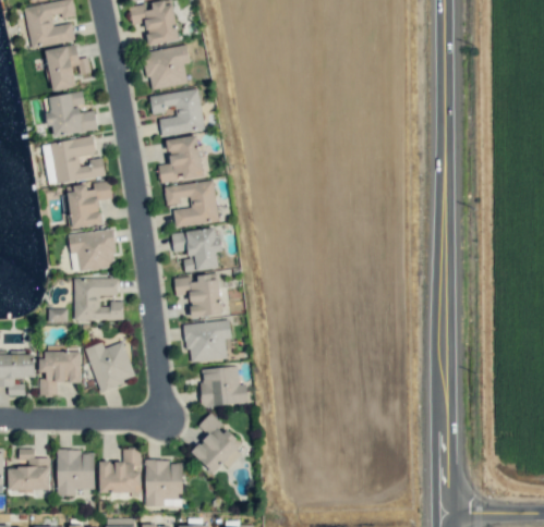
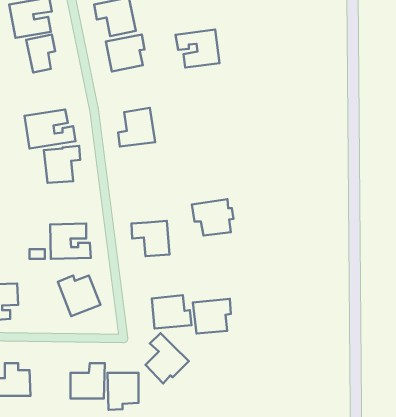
building: [149,89,204,136] -> [175,30,220,68]
building: [44,93,97,137] -> none
building: [164,181,219,228] -> none
building: [171,228,222,272] -> [192,199,234,236]
building: [68,230,118,272] -> none
building: [184,320,231,363] -> [193,299,231,333]
building: [39,351,81,396] -> none
building: [57,450,95,497] -> none

